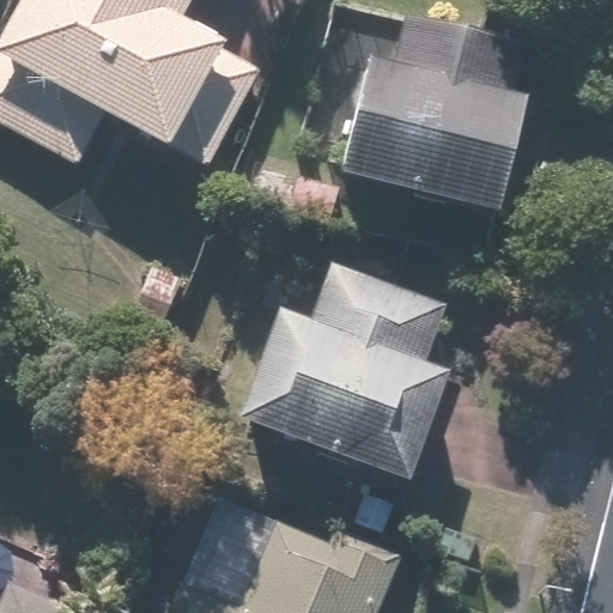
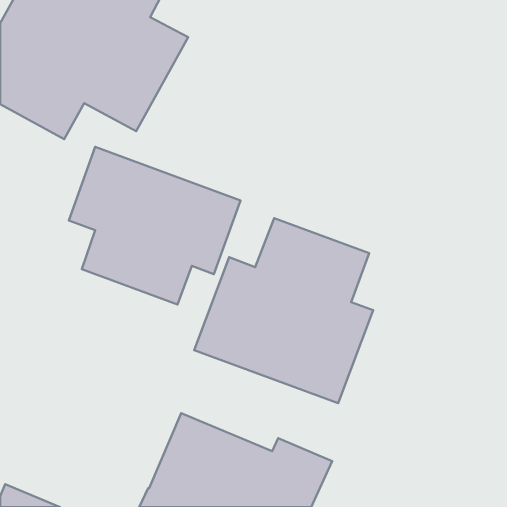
building: [341,13,529,214] -> none
building: none -> [69,147,240,305]

